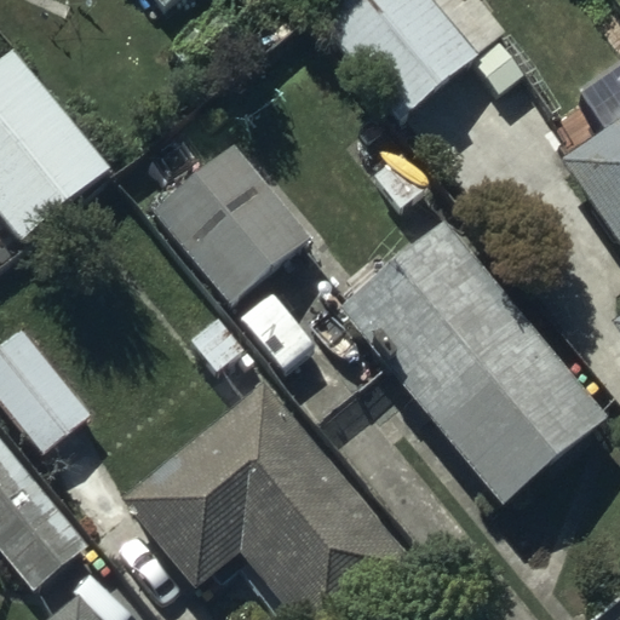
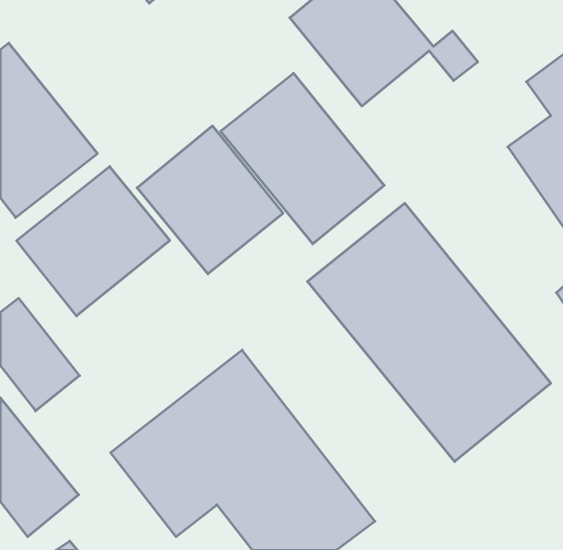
building: none -> [221,73,384,244]
building: none -> [17,166,170,316]

